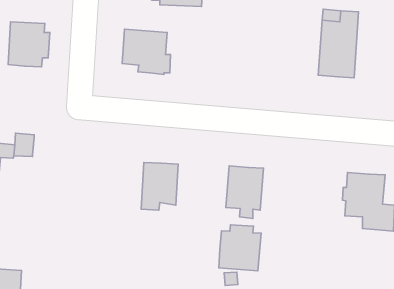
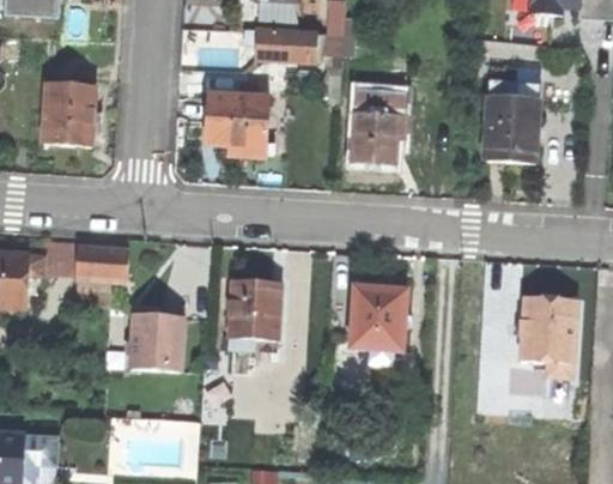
building: none -> [354,86,406,162]
building: none -> [74,246,128,274]
building: none -> [125,314,182,371]
building: [219,225,261,271] -> none

